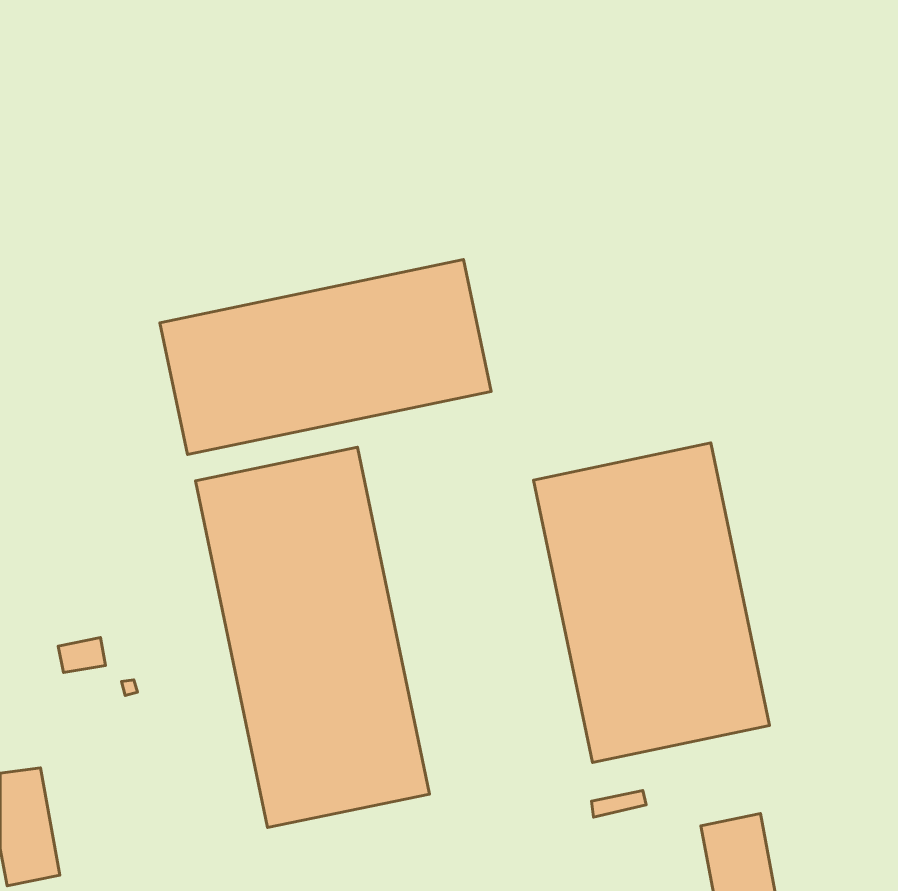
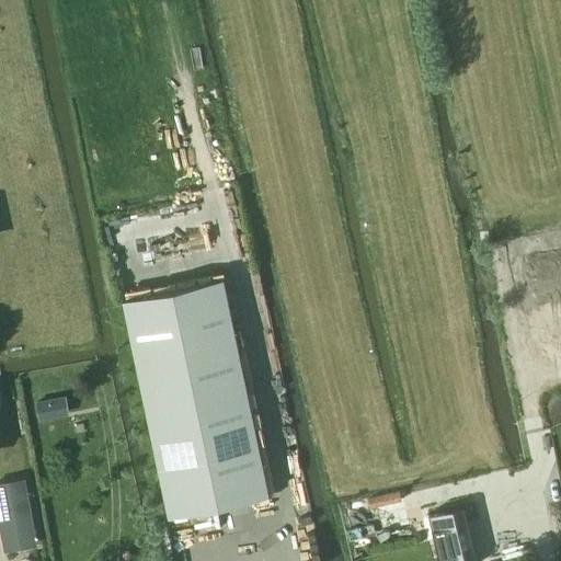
building: [160,260,491,455] -> none
building: [534,443,770,763] -> none

